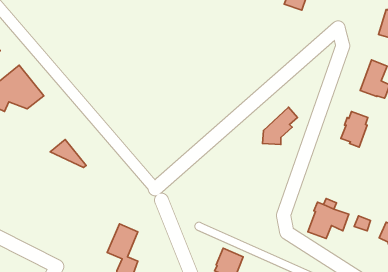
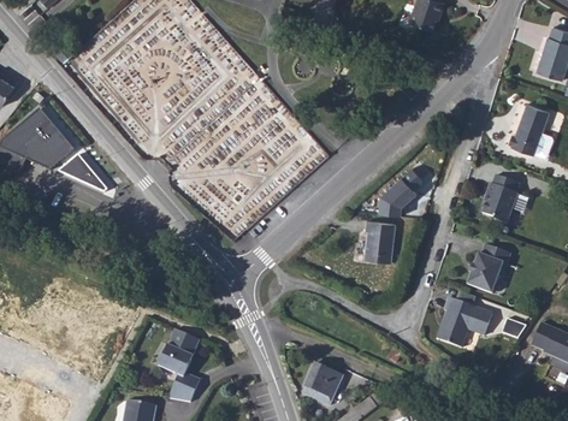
building: [50,139,86,167] -> [55,153,105,191]
building: none -> [366,221,397,266]
building: none -> [466,243,510,292]

